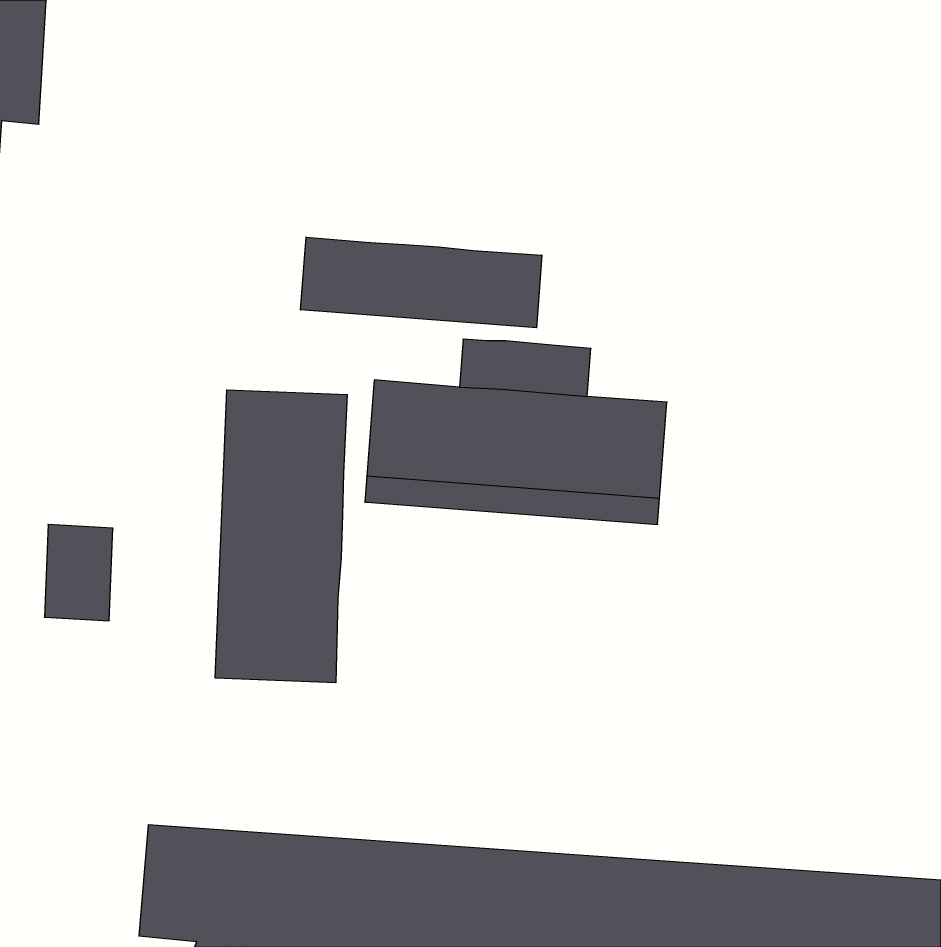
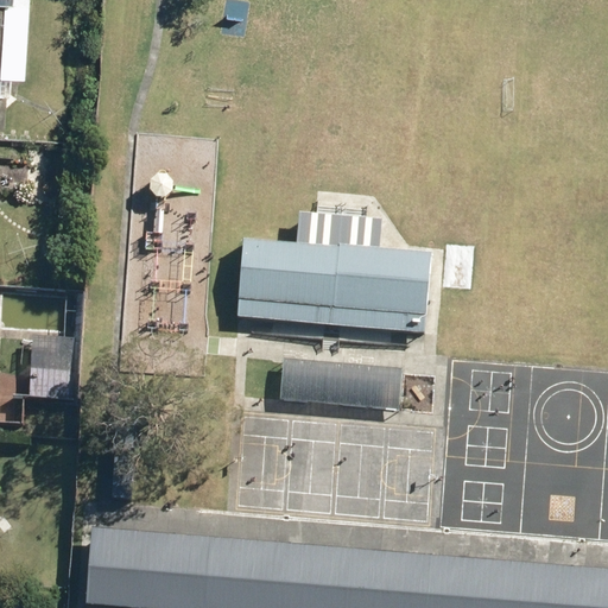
building: [301,237,542,328] -> none
building: [215,390,347,683] -> none
building: none -> [280,360,399,408]

